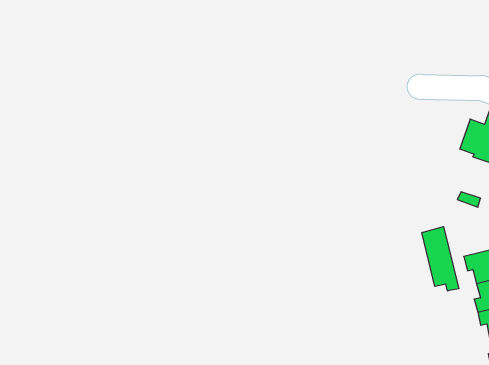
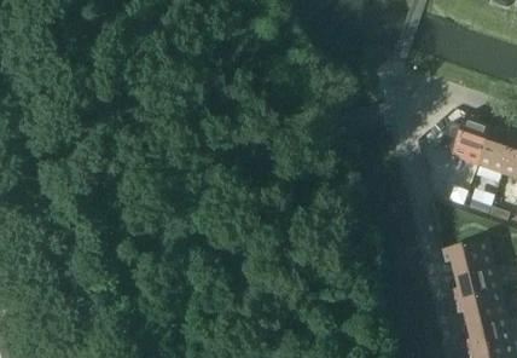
building: [422,227,459,291] -> none

